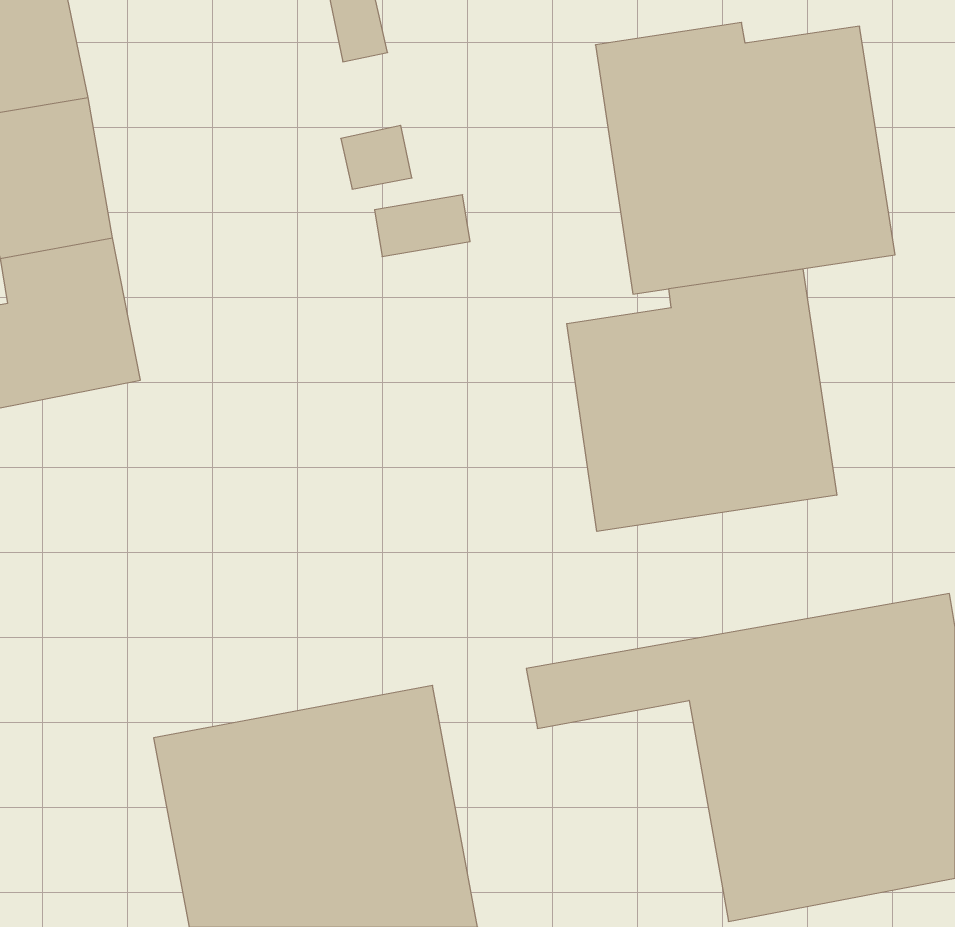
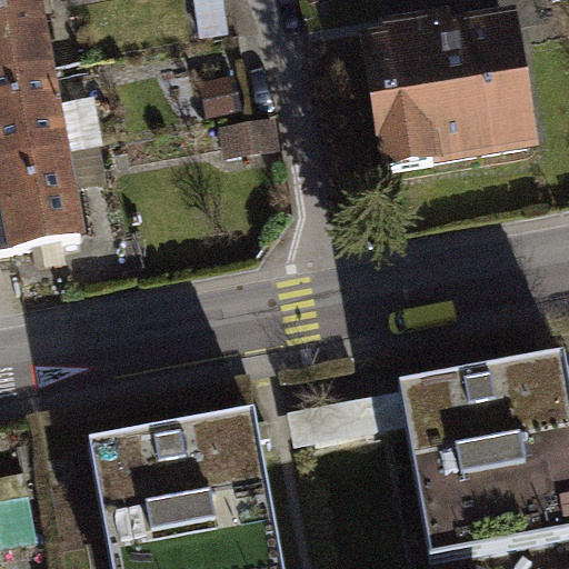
building: [567,269,837,531] -> none

